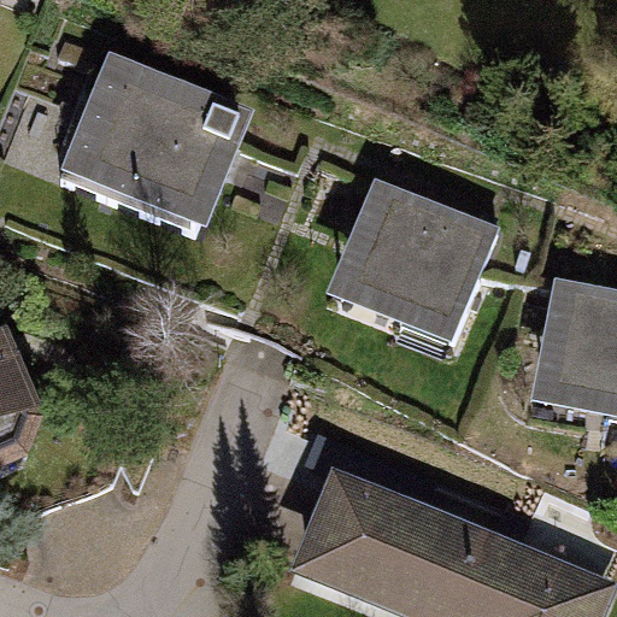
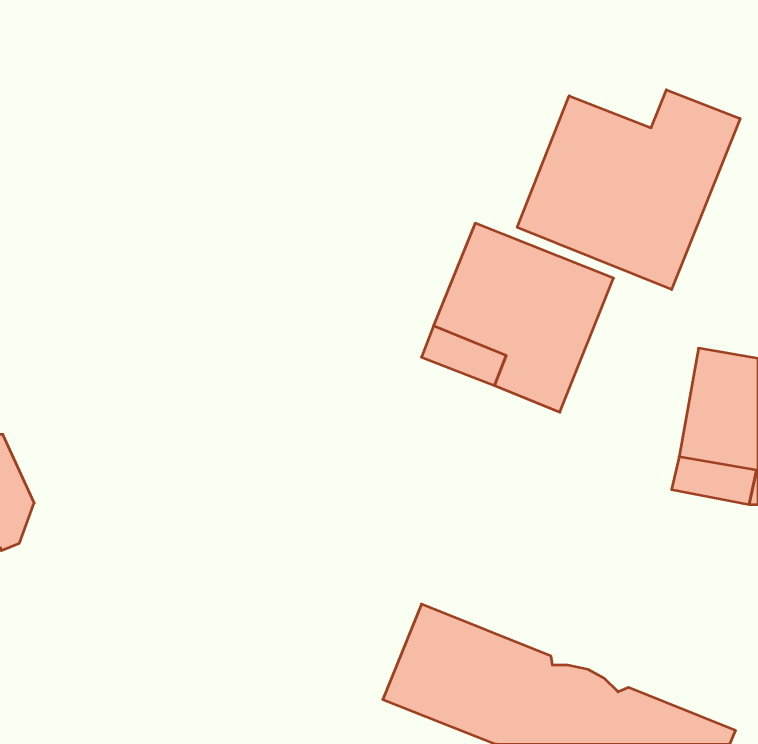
building: [60,64,237,227] -> none
building: none -> [517,90,740,290]

